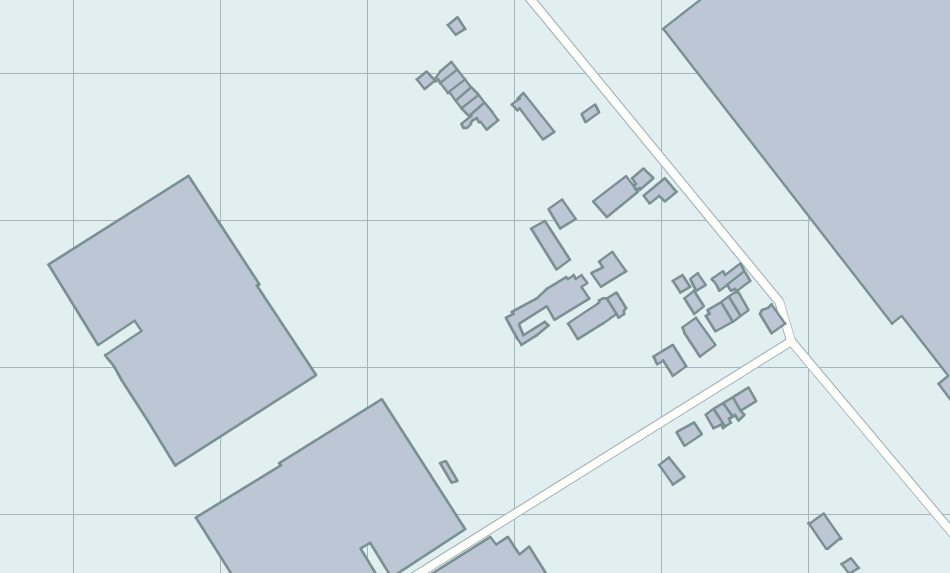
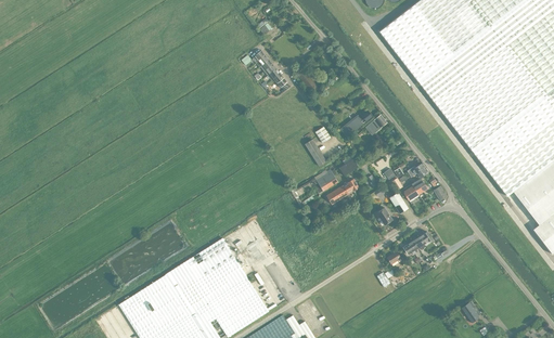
building: [48,176,316,466] -> none

